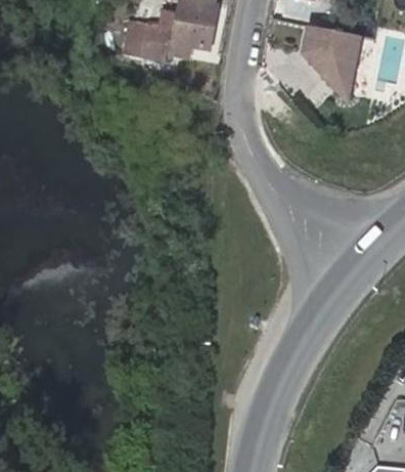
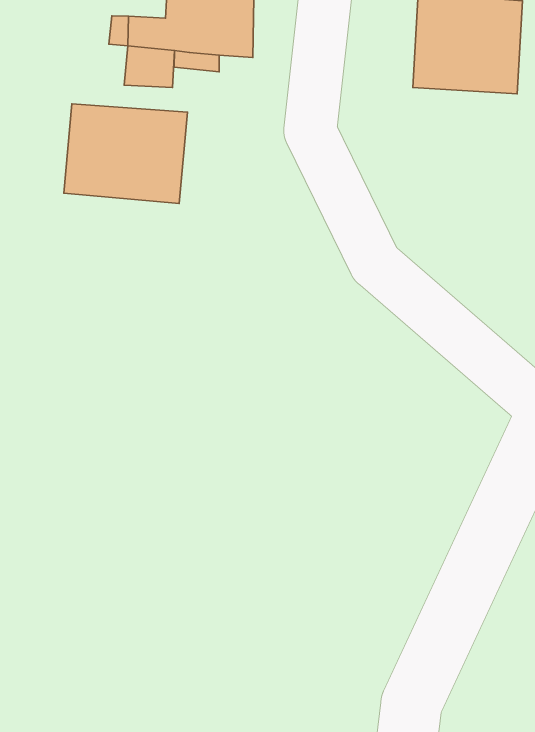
building: none -> [64,104,188,203]

